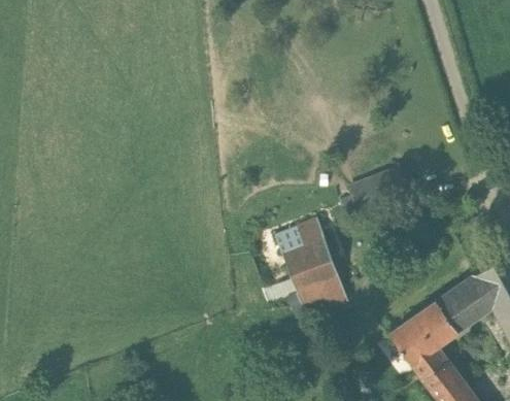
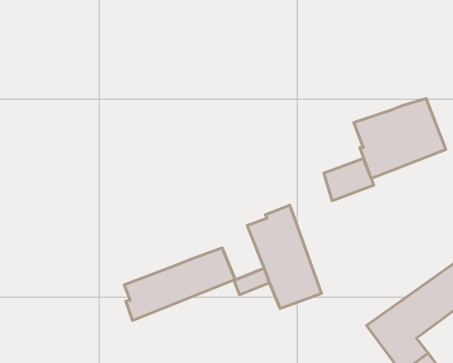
building: none -> [354,98,446,178]
building: none -> [124,248,235,320]

